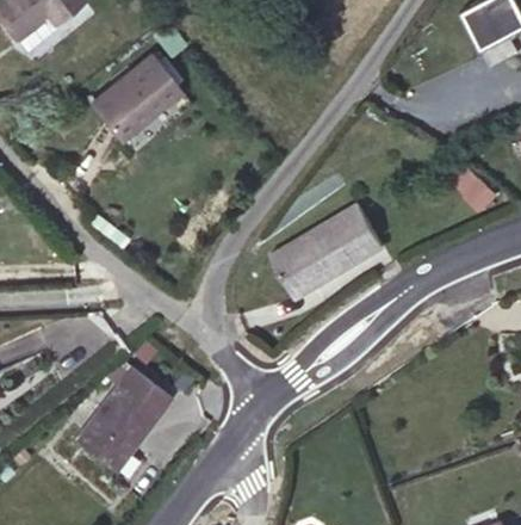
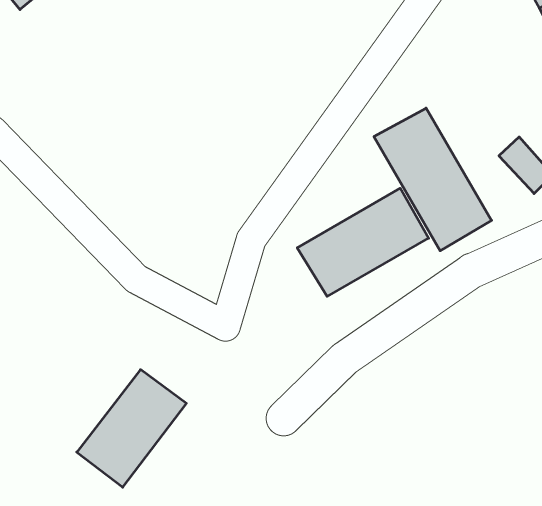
building: [88,54,181,142] -> none
building: none -> [374,108,492,251]

